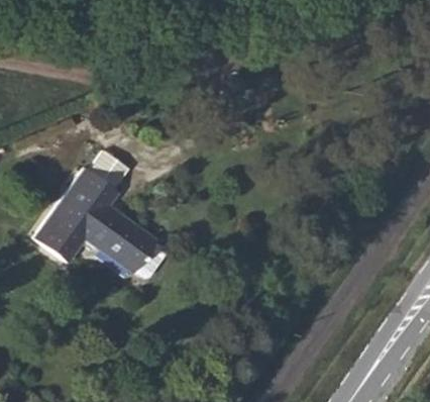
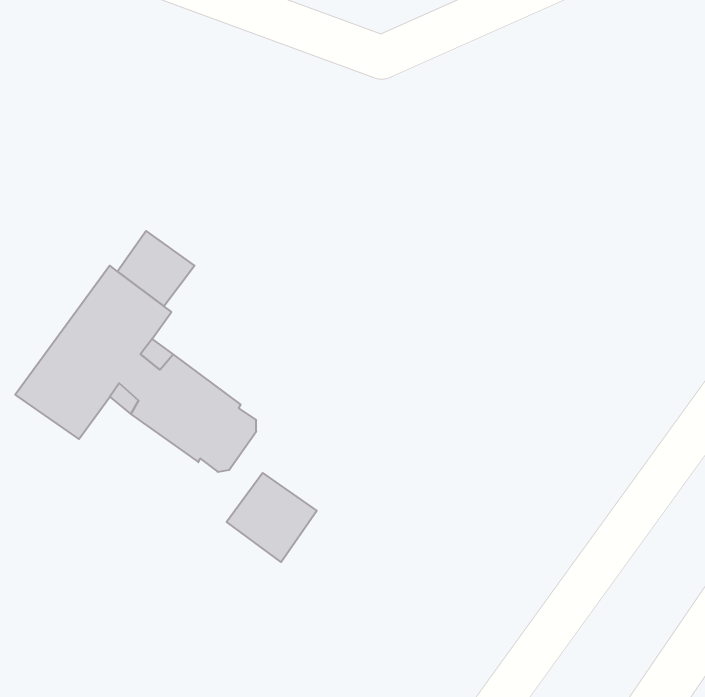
building: none -> [227,473,317,562]

